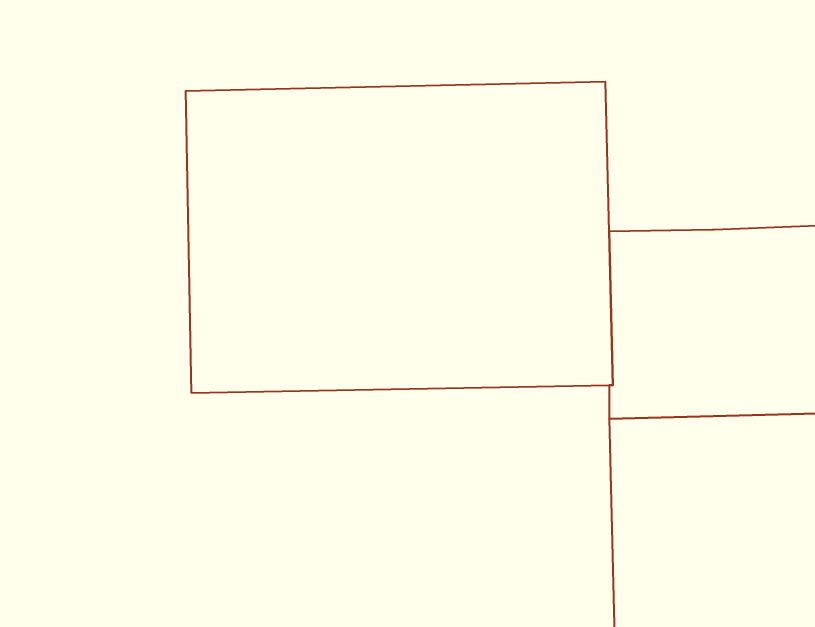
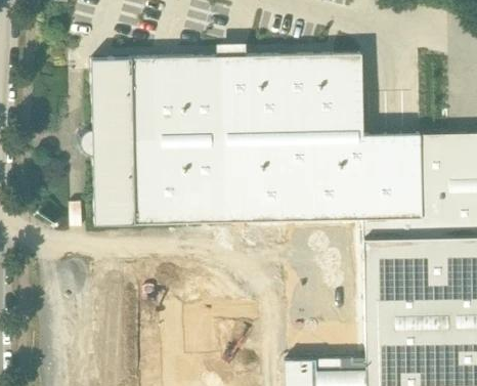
building: none -> [81,57,135,223]

